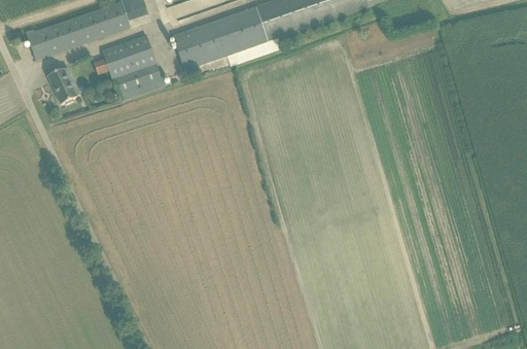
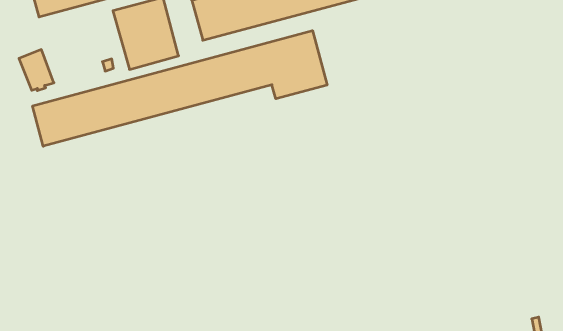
building: none -> [33,31,327,146]
building: [47,66,80,103] -> [19,50,54,91]

